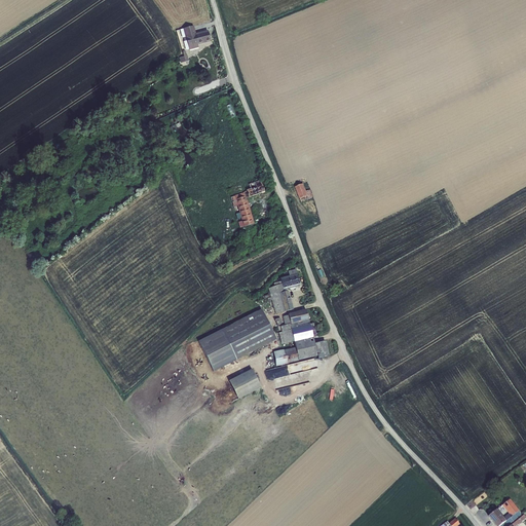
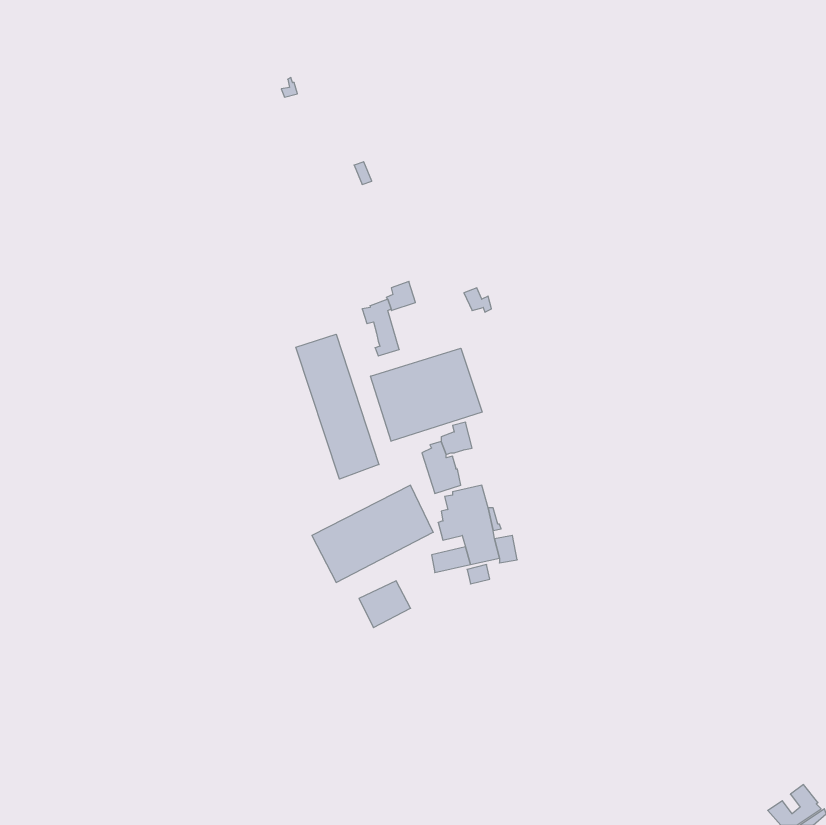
building: [183,25,211,49] -> none
building: none -> [296,334,379,479]
building: none -> [371,348,482,441]

